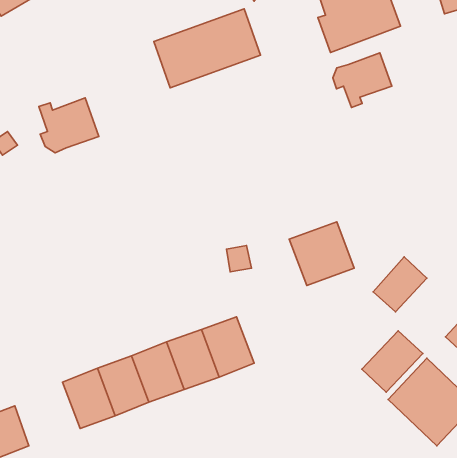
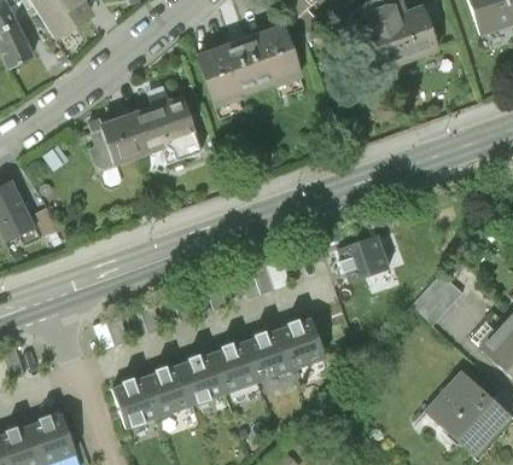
building: [333,53,392,108] -> none
building: none -> [133,88,203,162]
building: none -> [279,313,330,371]
building: [362,331,423,392] -> none

